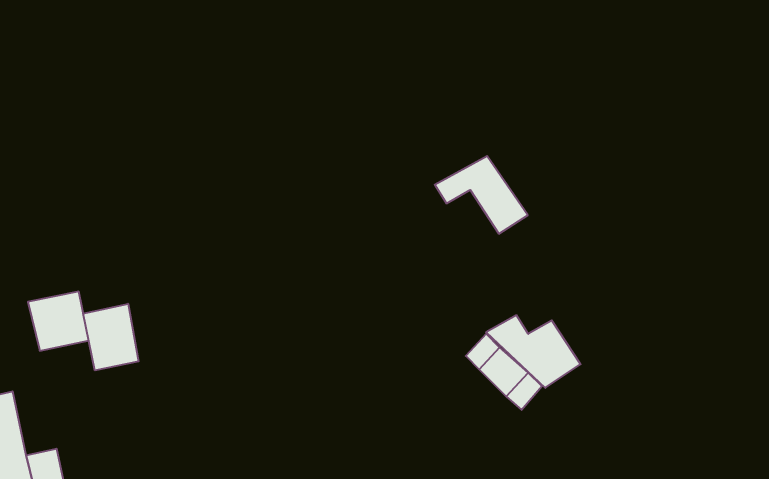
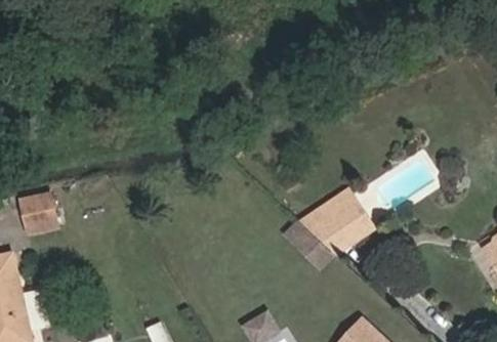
building: [435,156,528,234] -> [317,191,373,239]
building: [83,304,139,370] -> none

